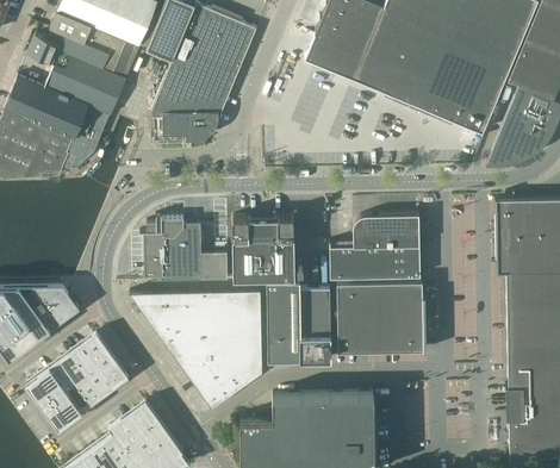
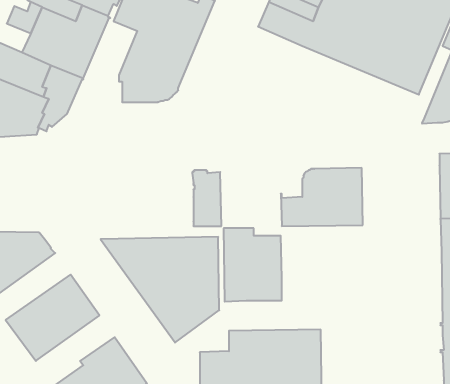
building: [139,214,228,280] -> none
building: [262,214,303,277] -> none
building: [336,280,423,351] -> none

